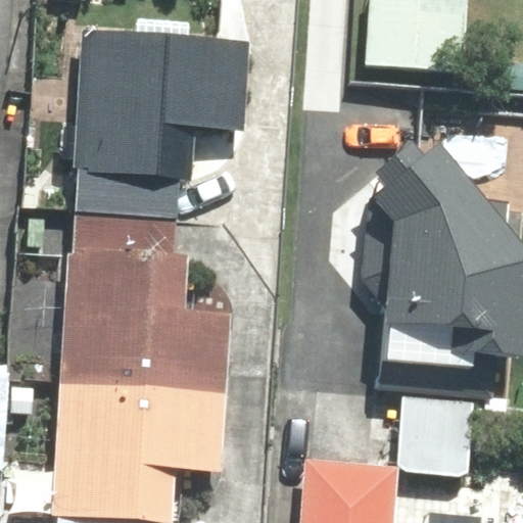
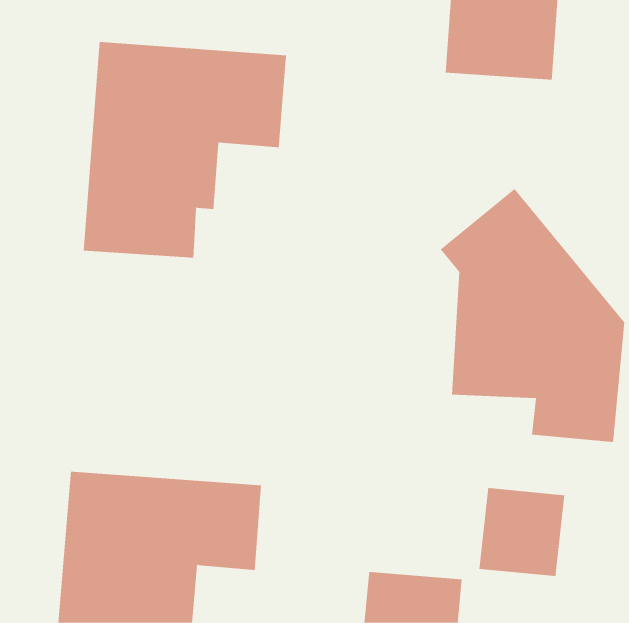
building: [67,215,232,388] -> none

